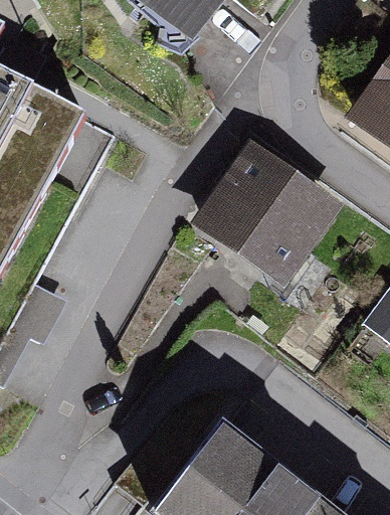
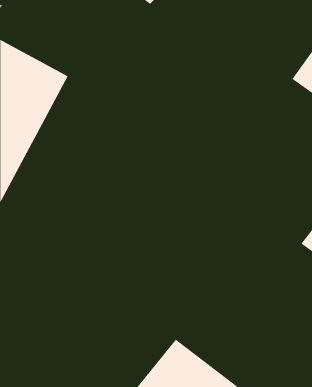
building: [206,158,329,278] -> none

